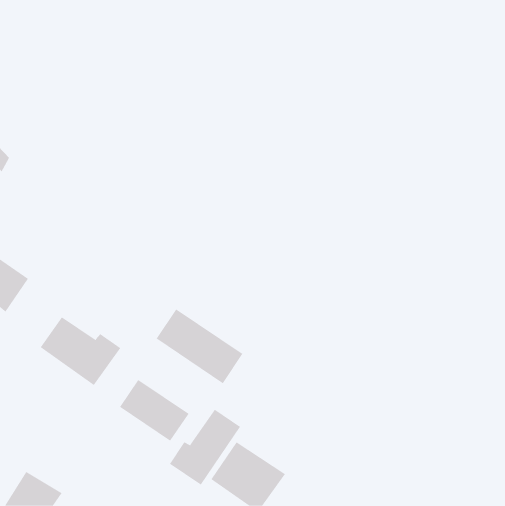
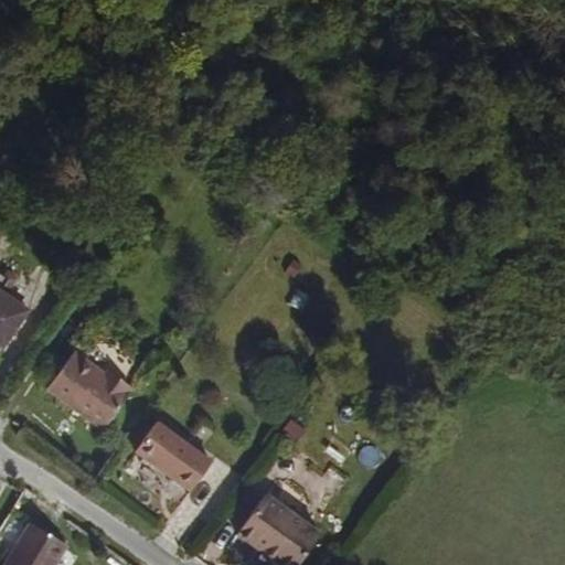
building: [156,308,243,384] -> none
building: [169,409,241,486] -> none

